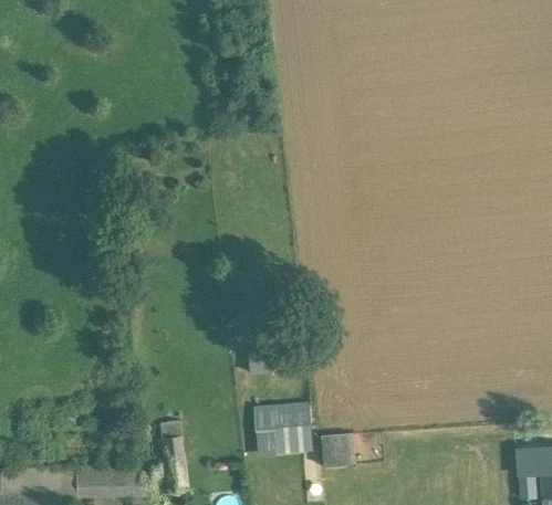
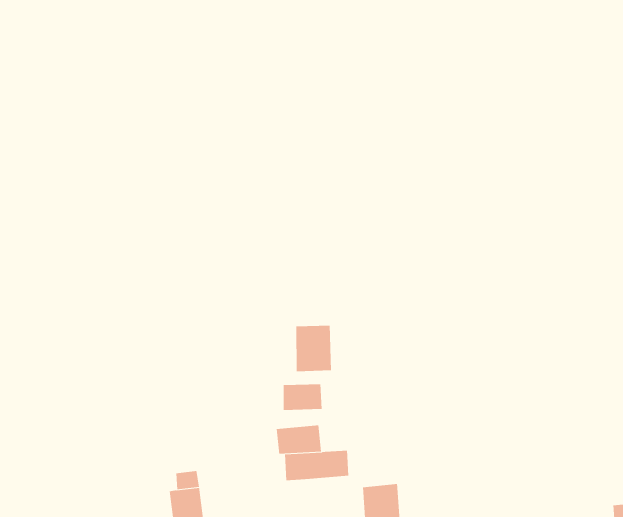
building: none -> [296,325,332,372]
building: [271,425,311,451] -> [276,425,322,454]

